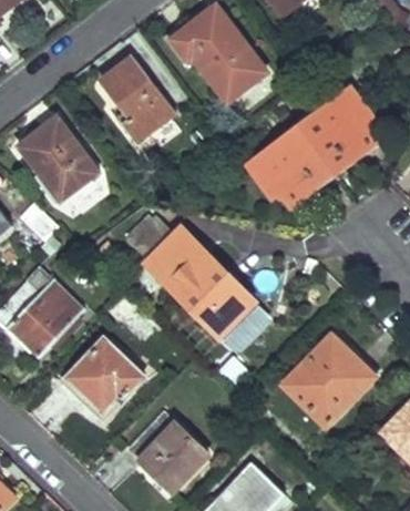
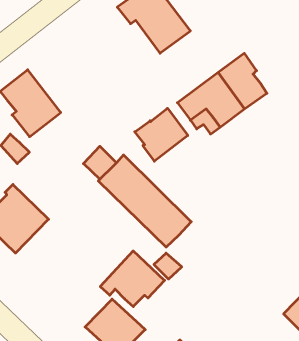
building: [102,60,174,142] -> none
building: [332,88,375,137] -> none
building: none -> [135,108,188,161]
building: [284,336,366,425] -> none
building: [60,341,142,412] -> [100,251,165,307]

